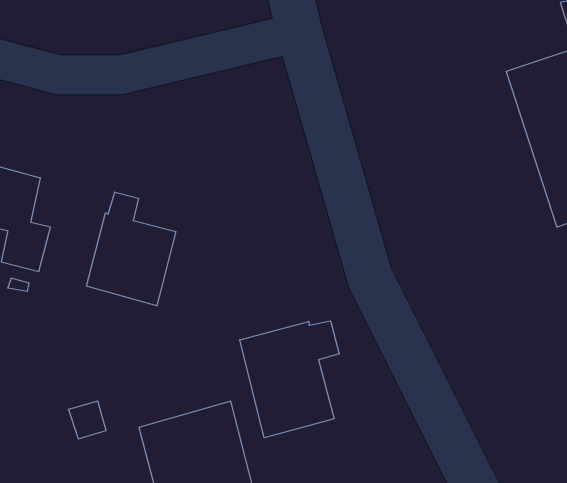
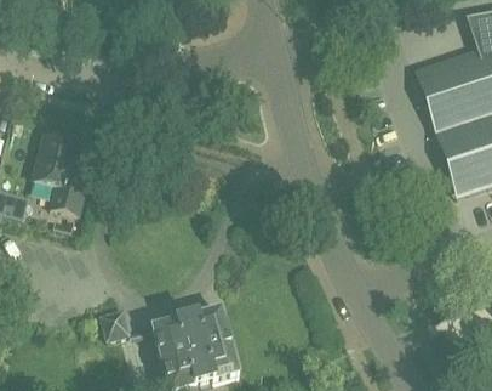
building: [87,192,176,306] -> none
building: [240,321,339,438] -> none

